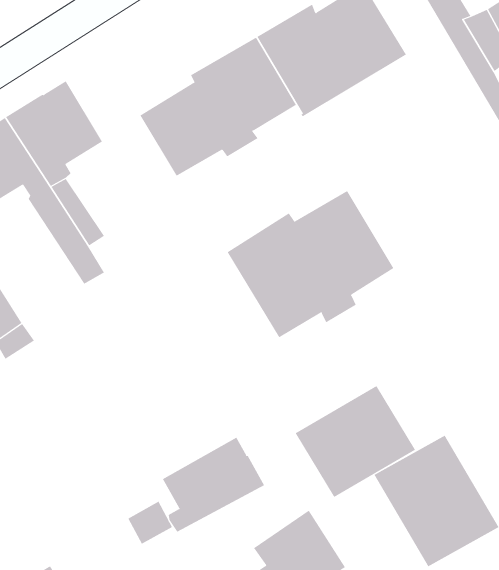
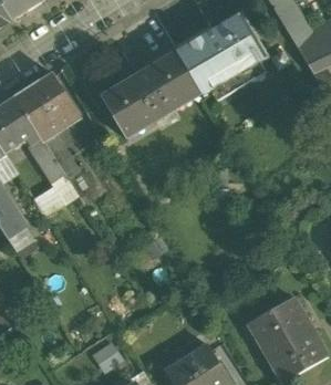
building: [227,190,394,338] -> none
building: [295,385,416,498] -> none
building: [162,437,265,533] -> none

